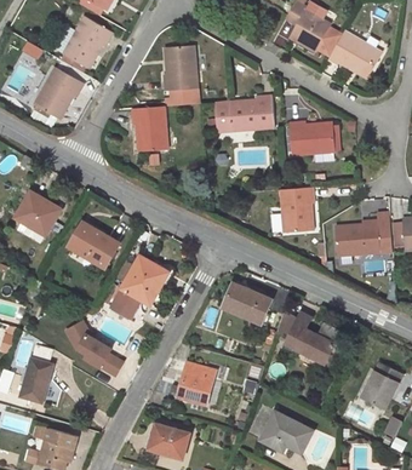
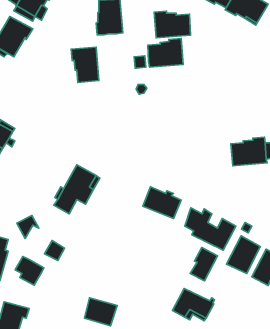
building: [288,121,334,155] -> [154,11,190,38]
building: [281,187,314,233] -> none
building: [68,222,119,268] -> none
building: [74,332,110,368] -> [15,256,44,285]
building: none -> [227,236,260,273]
building: none -> [190,248,218,281]
building: [177,362,214,405] -> none

